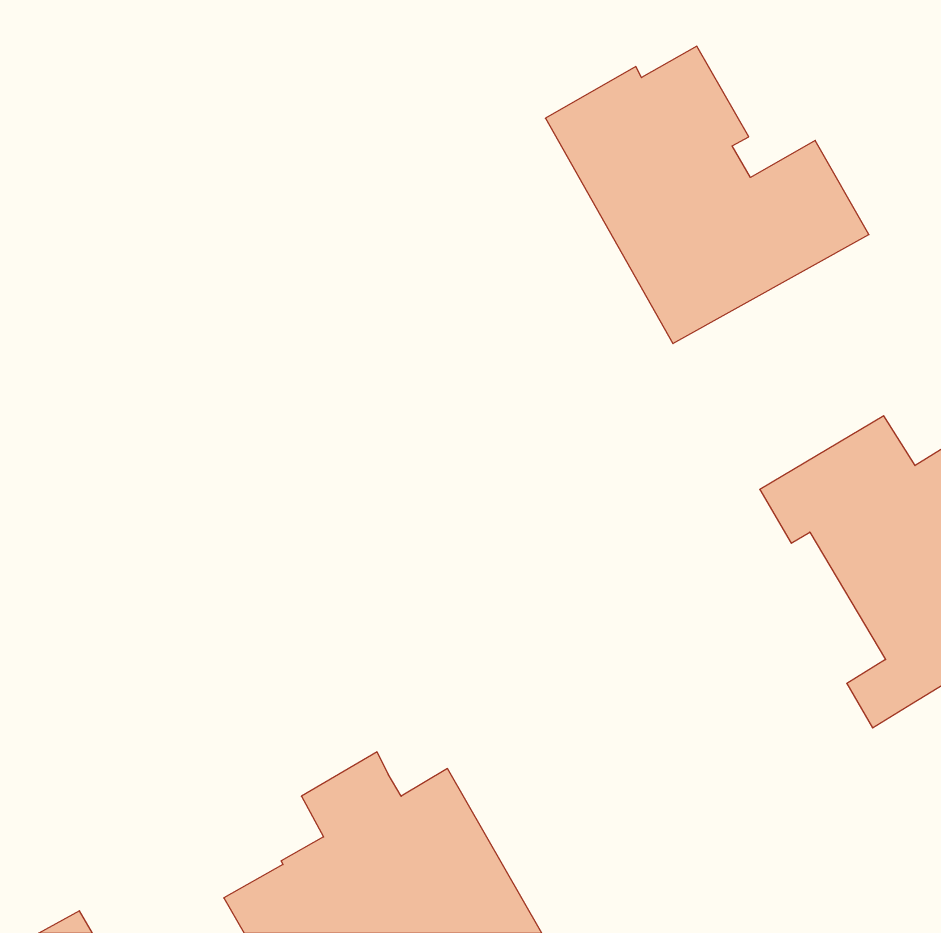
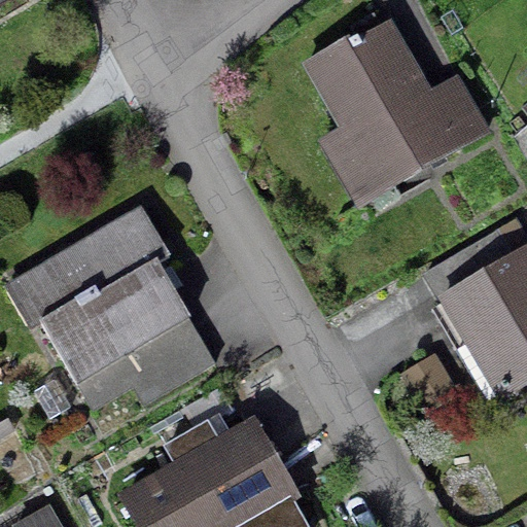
building: none -> [32,207,214,409]

